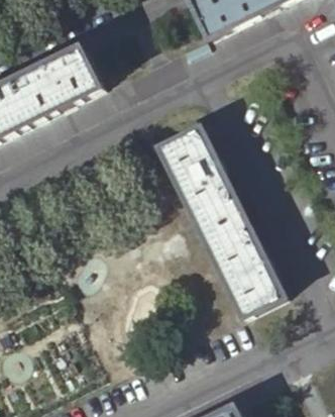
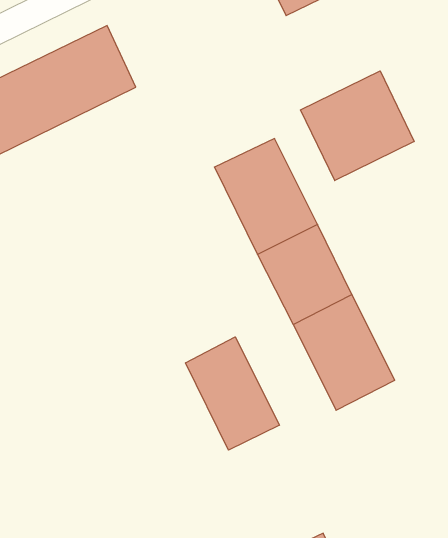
building: none -> [301,71,414,181]
building: none -> [186,337,279,450]

